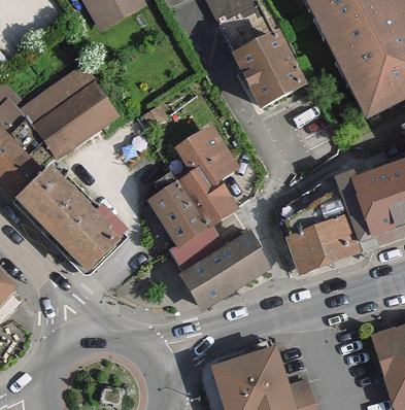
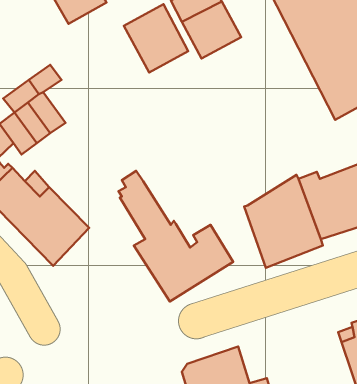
building: [237,39,302,108] -> [124,4,188,73]
building: [77,82,116,126] -> none
building: [178,132,234,229] -> none

